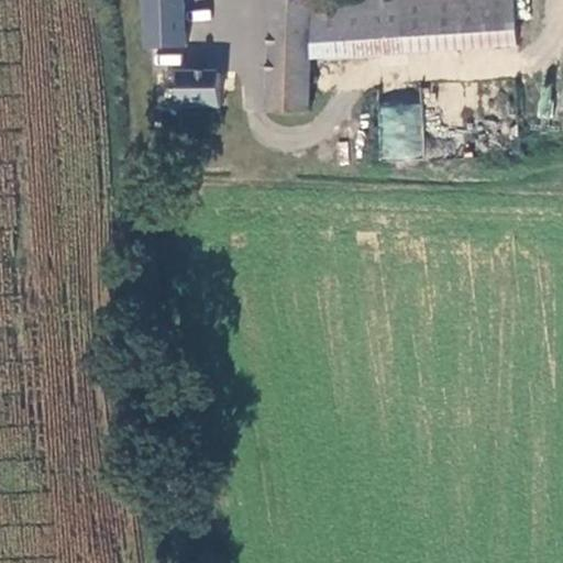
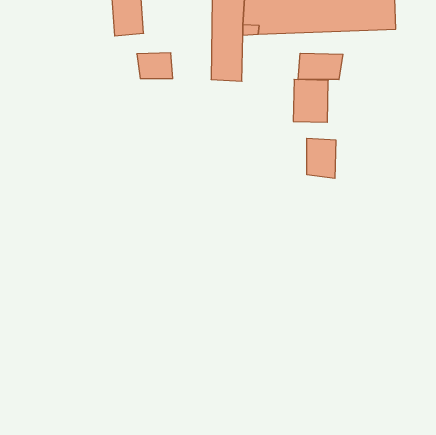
building: none -> [298,53,343,80]
building: none -> [307,138,336,178]

